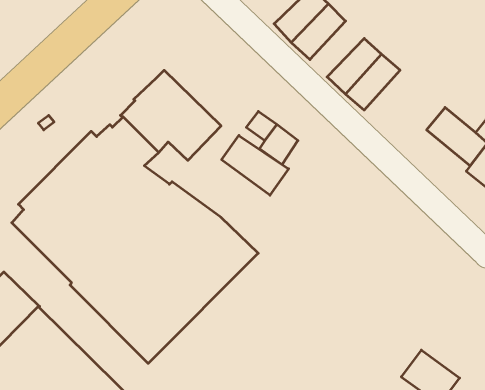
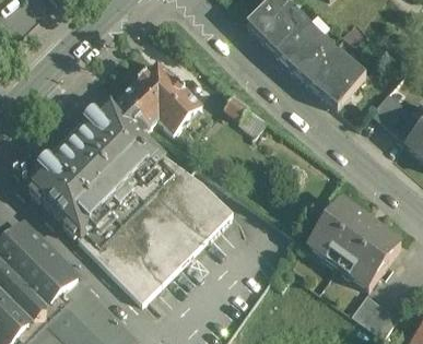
building: none -> [274,21,319,67]
building: none -> [319,61,364,108]
building: [222,135,289,195] -> none
building: none -> [307,200,399,287]

